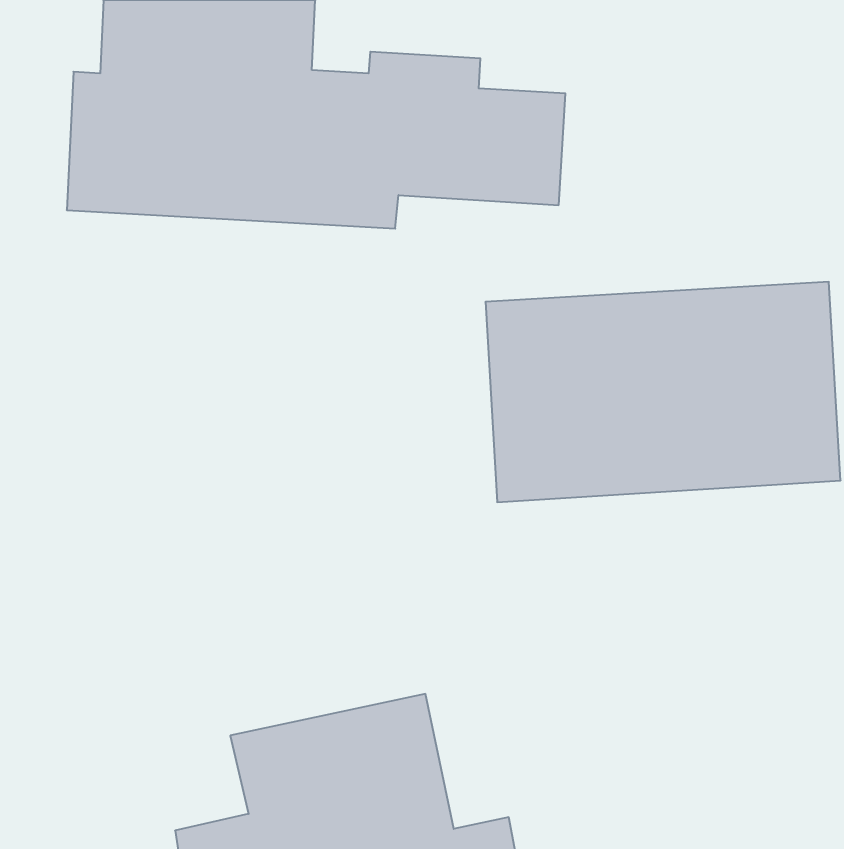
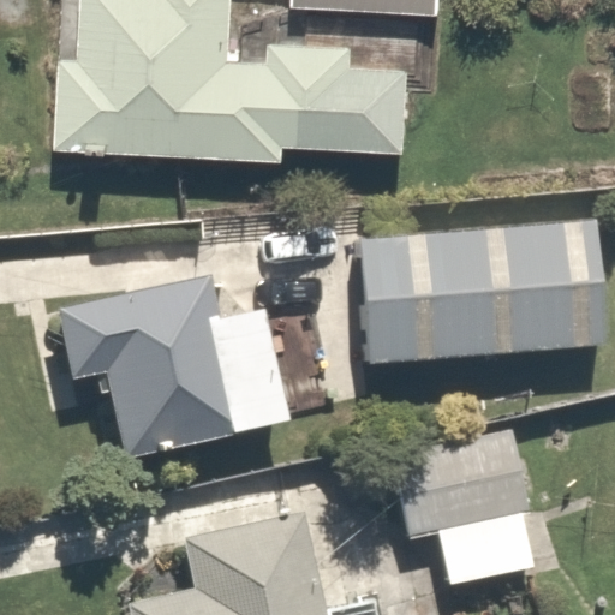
building: none -> [59,281,286,460]
building: none -> [390,426,544,585]

